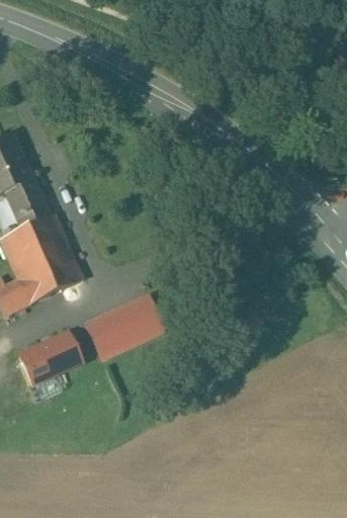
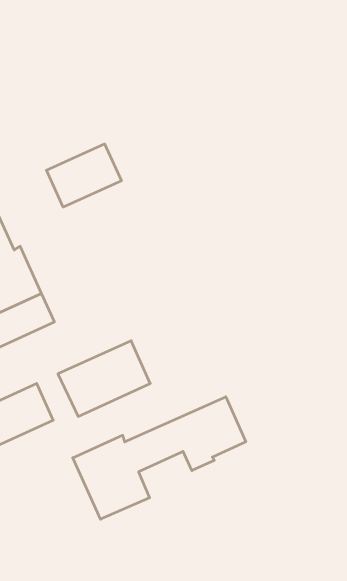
building: none -> [46,144,121,207]
building: none -> [73,397,246,519]

